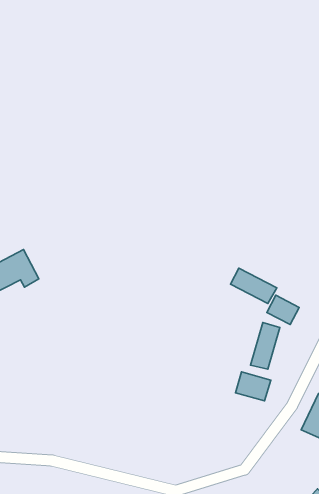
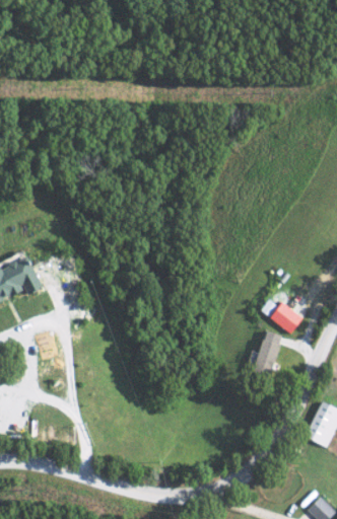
building: [231,268,277,303] -> none
building: [236,372,271,401] -> none

